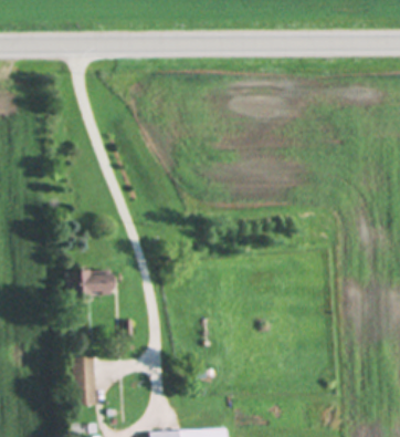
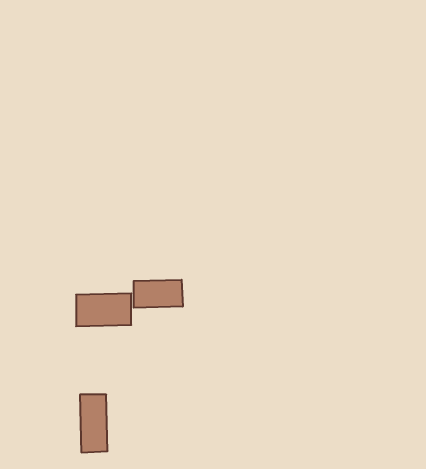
building: none -> [134,280,183,308]

